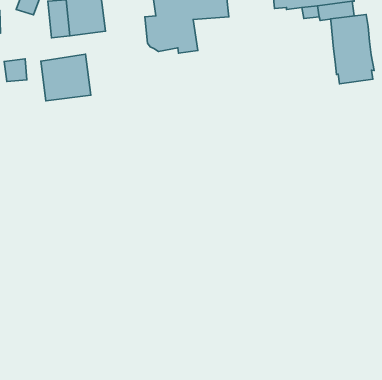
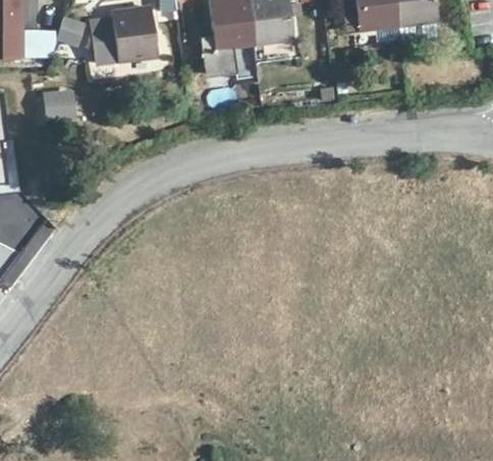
building: [330,15,374,84] -> none
building: [41,54,91,101] -> none

